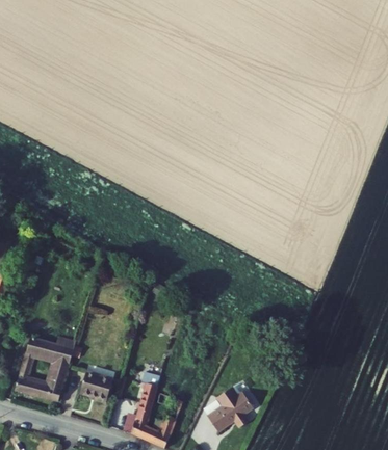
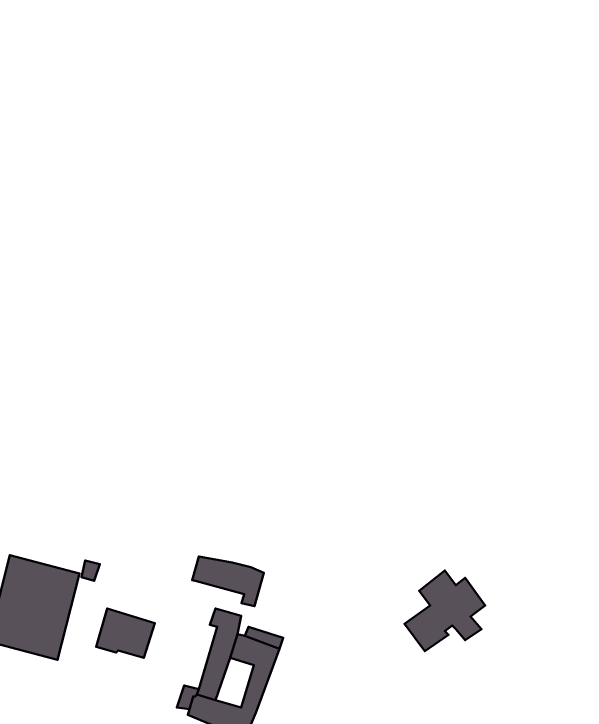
building: none -> [192,556,264,606]
building: [204,388,250,433] -> [405,571,485,651]

